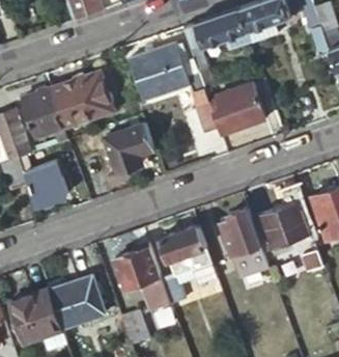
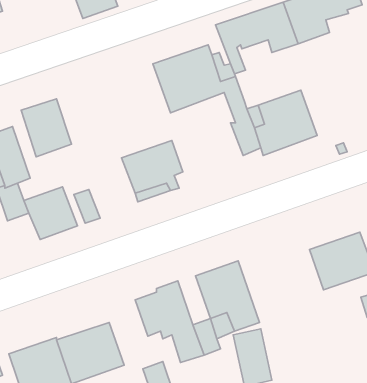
building: [50,74,112,128] -> none
building: [222,208,269,275] -> none

